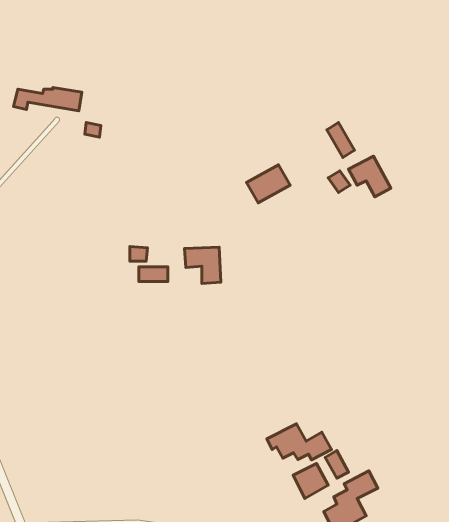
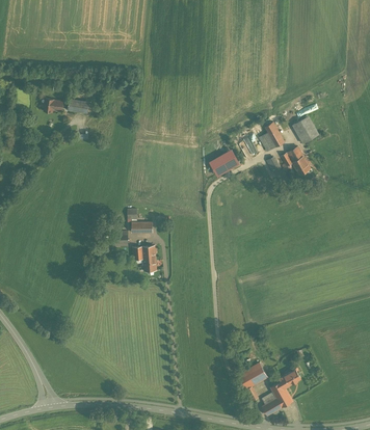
building: none -> [292,115,318,143]
building: [184,247,221,284] -> [131,246,157,272]
building: [267,424,331,460] -> none

